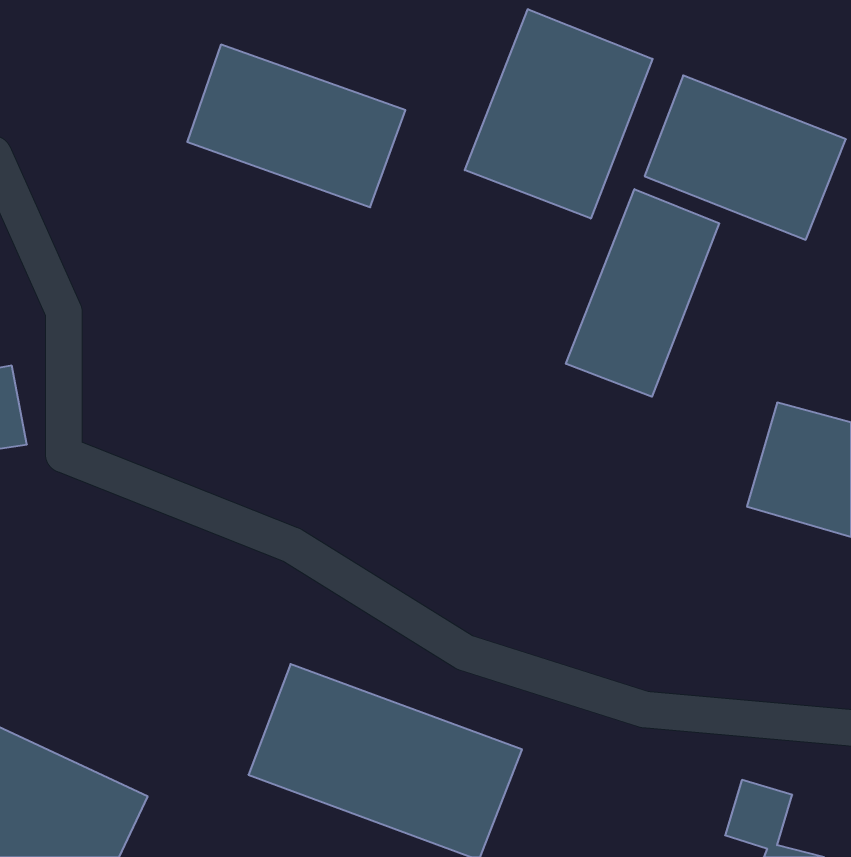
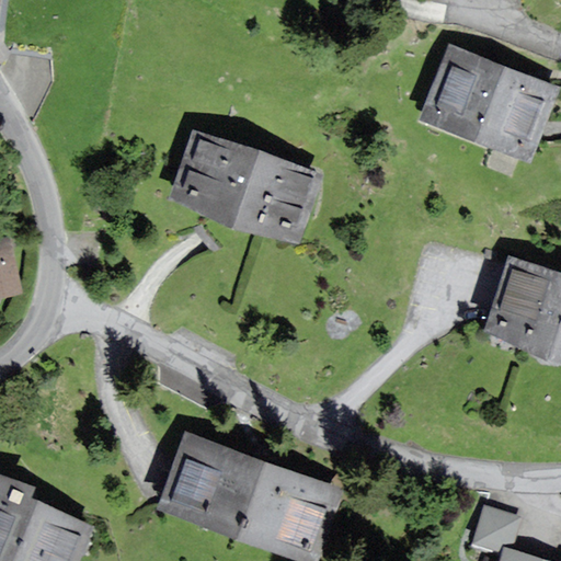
building: [465,9,653,219] -> none
building: [187,45,405,207] -> [172,135,314,241]
building: [566,189,719,397] -> none

